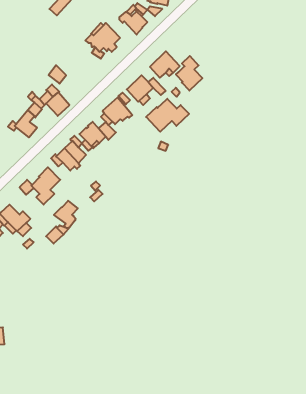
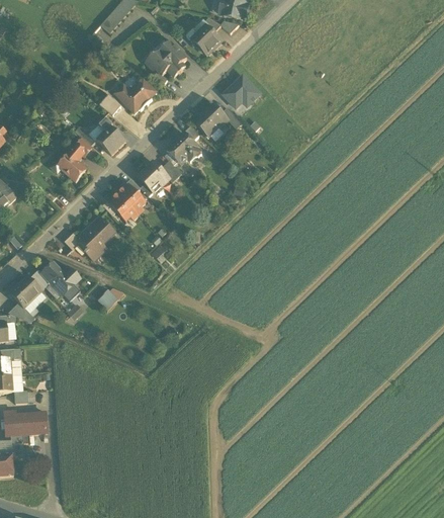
building: none -> [116,77,156,110]
building: [176,56,202,91] -> none
building: [146,99,189,132] -> none
building: [54,201,78,228] -> none

